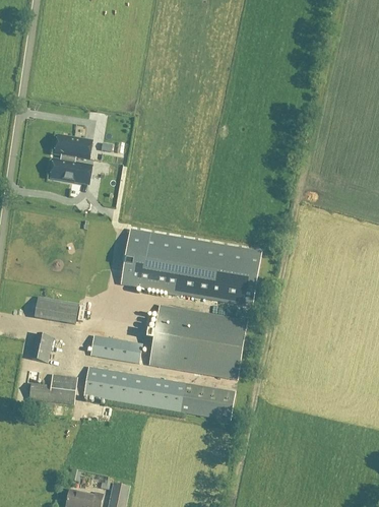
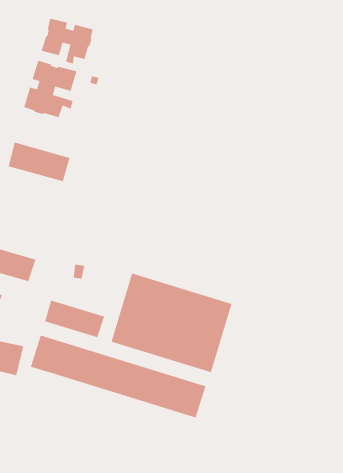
building: none -> [41,18,93,65]
building: none -> [8,141,71,182]
building: [120,229,261,306] -> none

